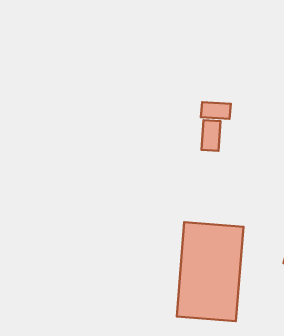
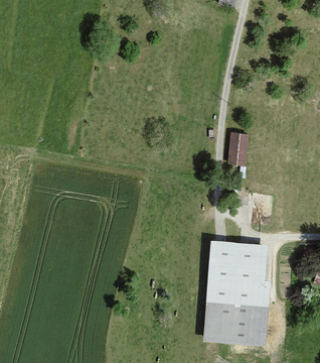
building: [201,102,231,119] -> none

